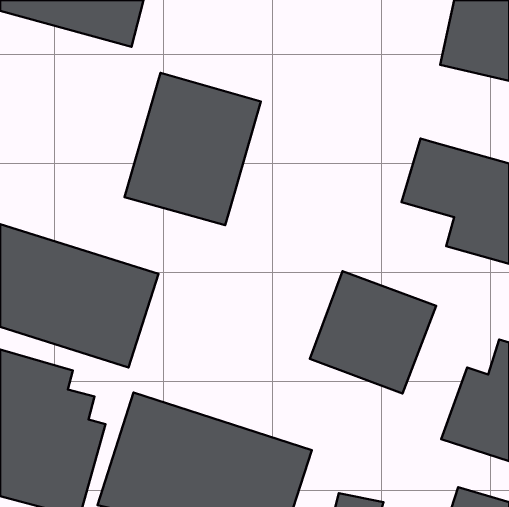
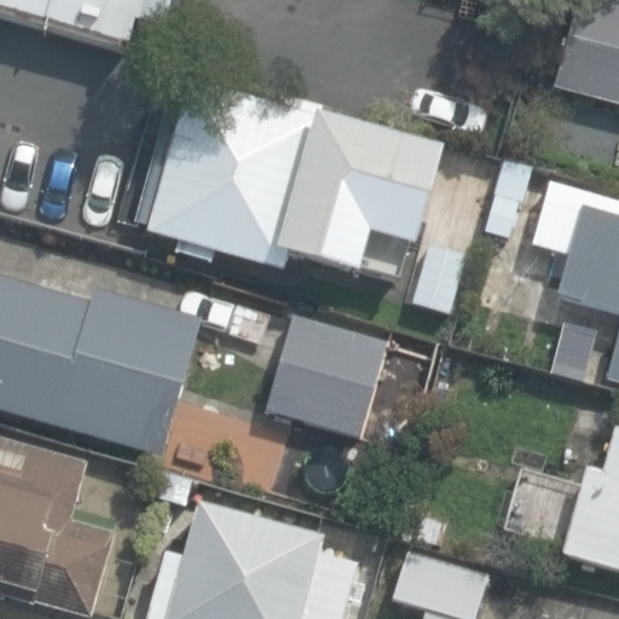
building: none -> [279,126,451,290]
building: [310,271,436,394] -> [238,296,392,445]

